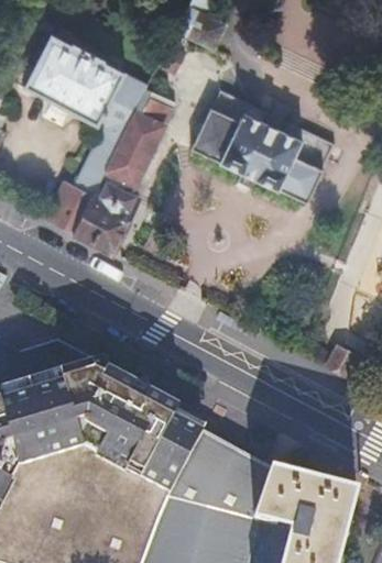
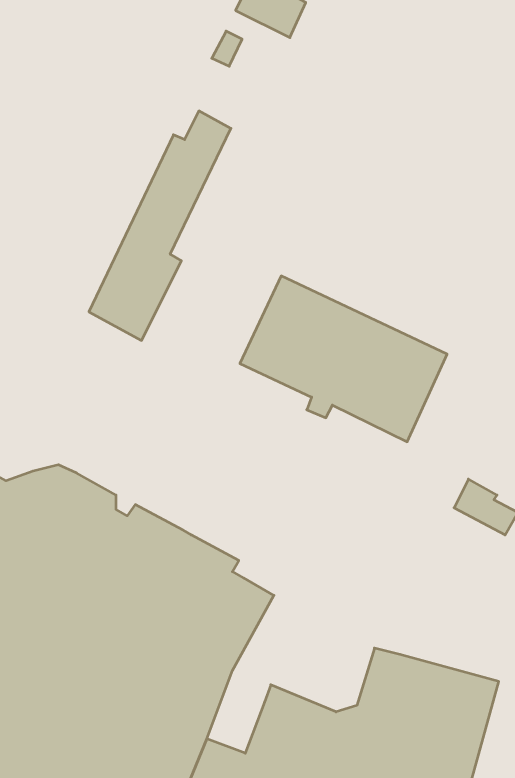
building: [24,37,146,235] -> none
building: [192,90,335,205] -> [240,276,447,442]
building: [156,431,272,540] -> none

